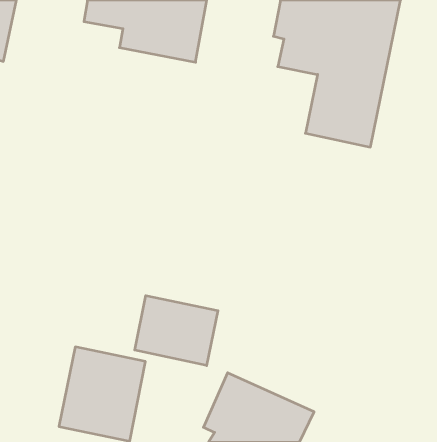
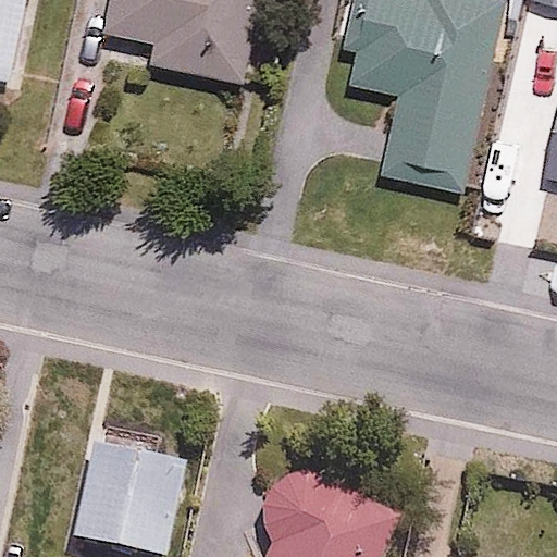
building: [135,296,218,366] -> none

